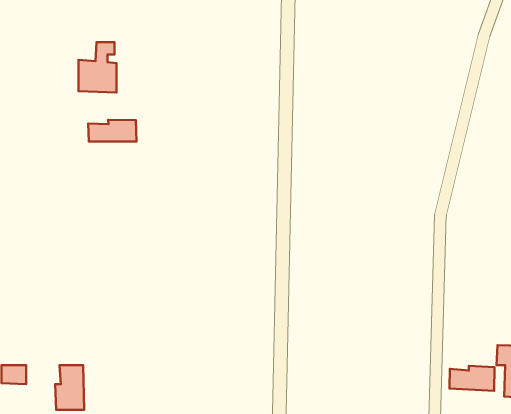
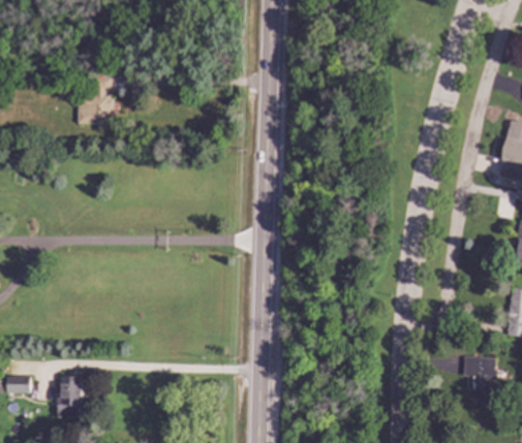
building: [88,120,136,142] -> none
building: [449,366,495,391] -> none

